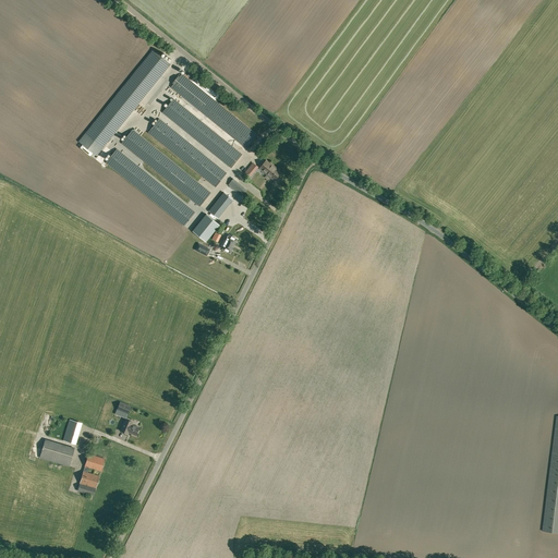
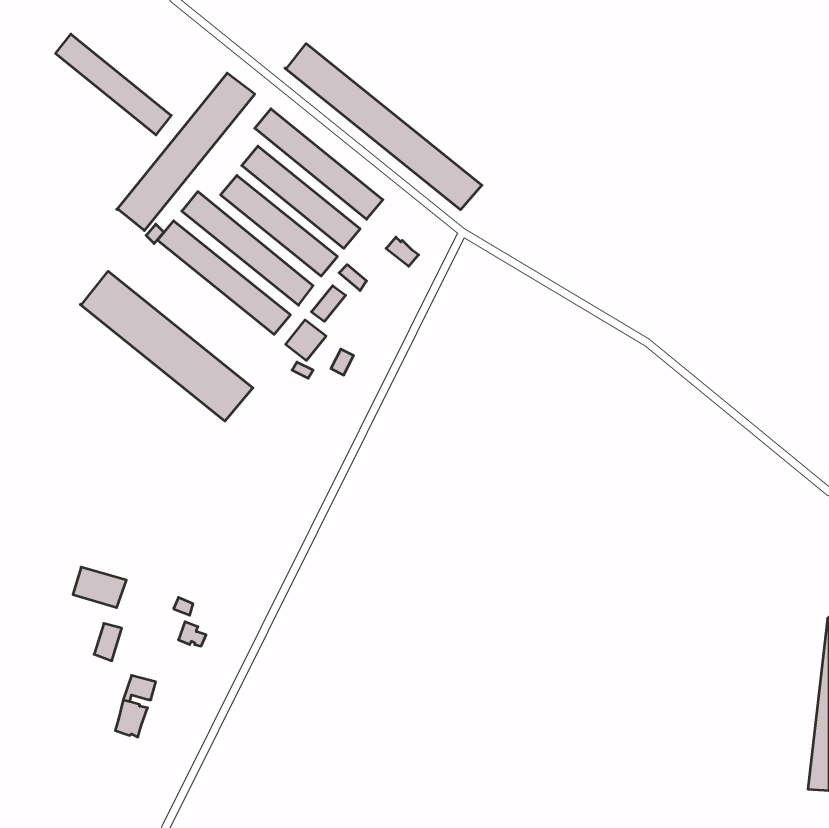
building: none -> [56,34,171,135]
building: none -> [285,44,482,210]
building: none -> [80,271,253,421]
building: [39,438,75,465] -> [73,567,126,608]

